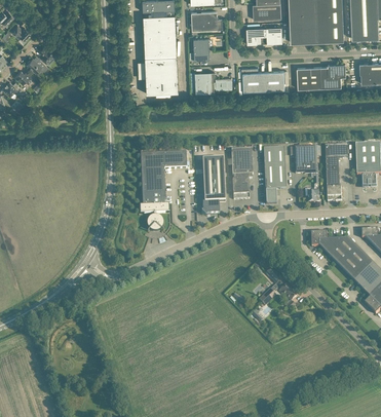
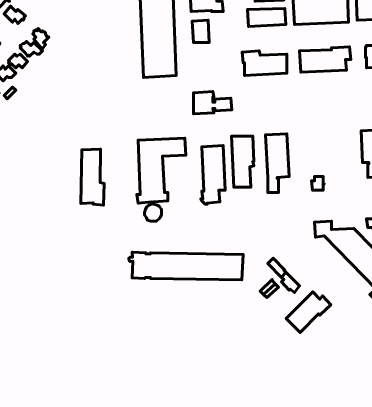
building: [195,72,232,93] -> [194,92,232,114]
building: [326,145,348,201] -> none
building: [295,147,318,174] -> none
building: none -> [81,149,104,205]
building: none -> [129,252,243,280]
building: none -> [286,292,331,333]

